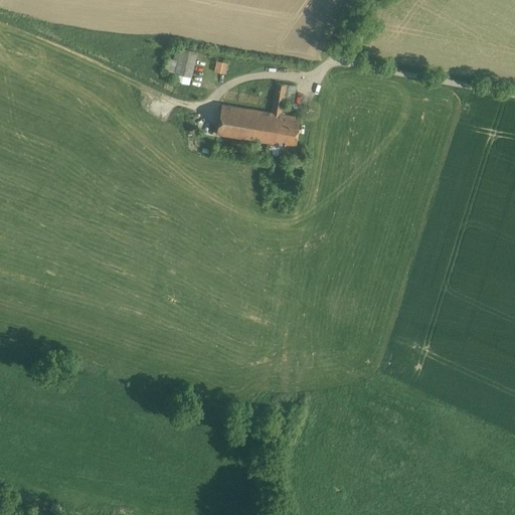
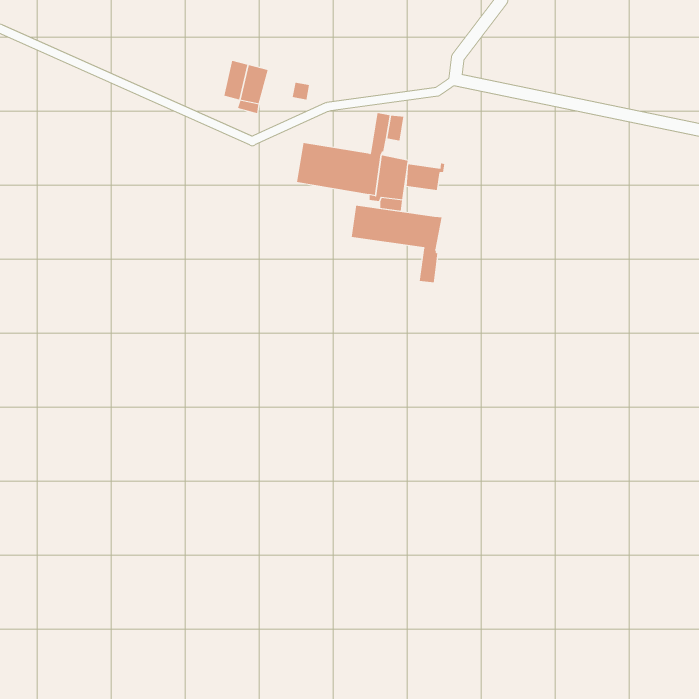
building: none -> [406,162,445,191]
building: none -> [351,205,442,283]

